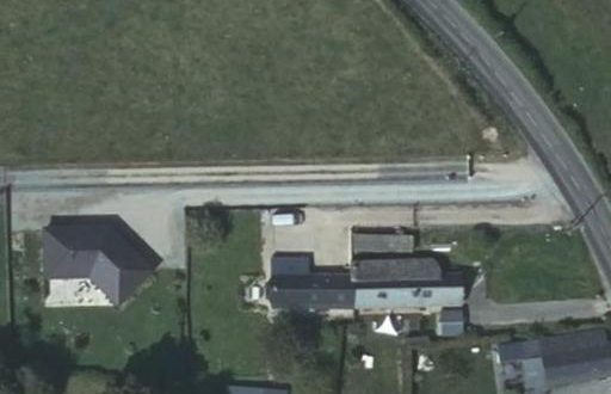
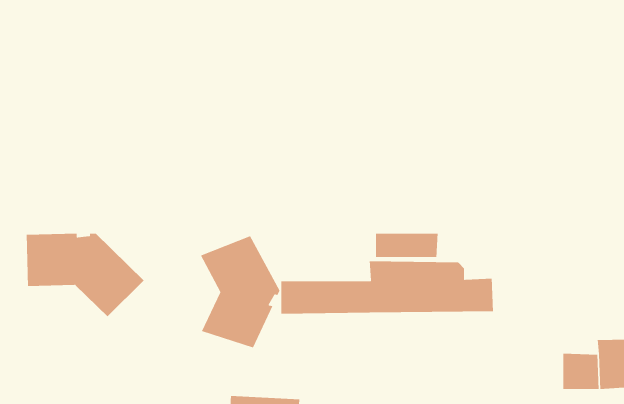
building: none -> [200,235,280,349]

